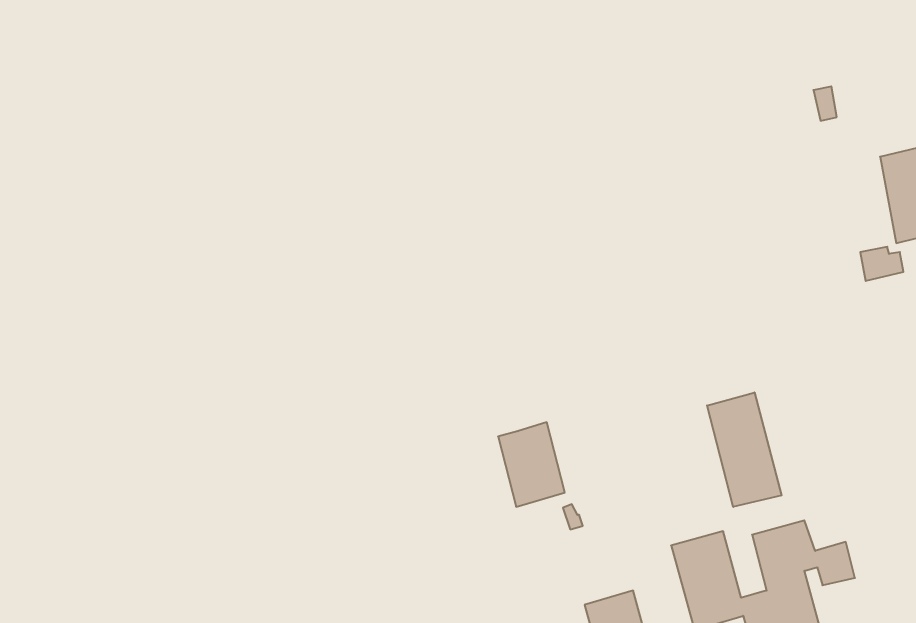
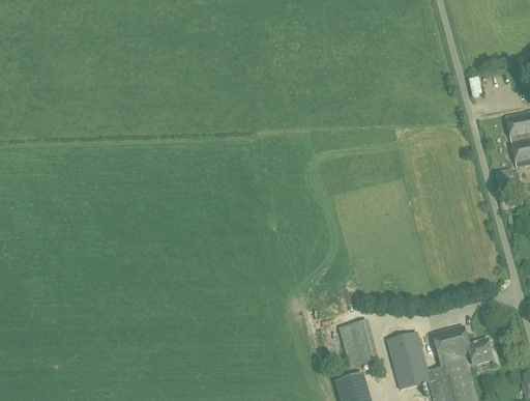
building: [707,392,782,507] -> none
building: [498,422,565,507] -> [340,319,378,368]

